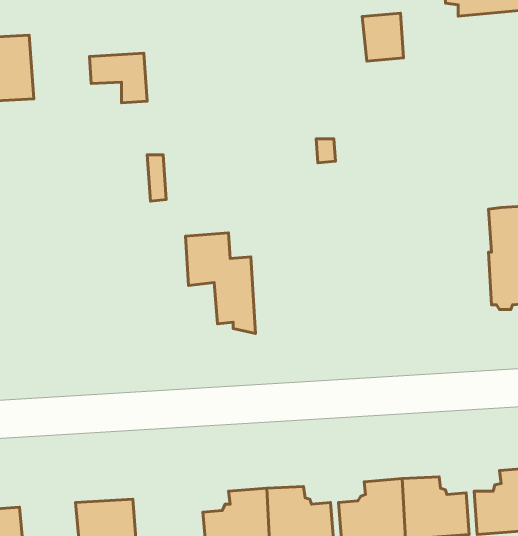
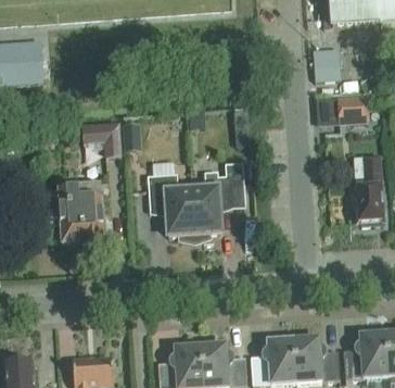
building: [362,13,404,61] -> [313,47,341,79]
building: [90,53,147,103] -> [81,121,120,154]
building: none -> [336,93,367,123]
building: none -> [191,163,251,242]
building: none -> [58,182,104,246]

